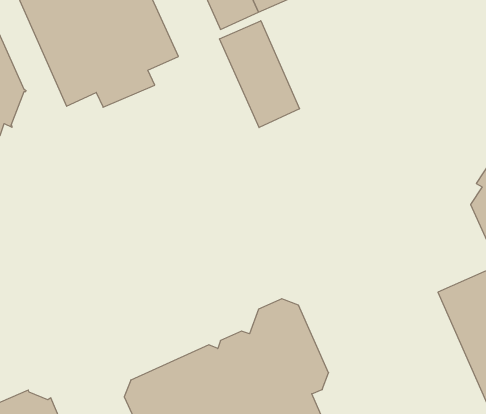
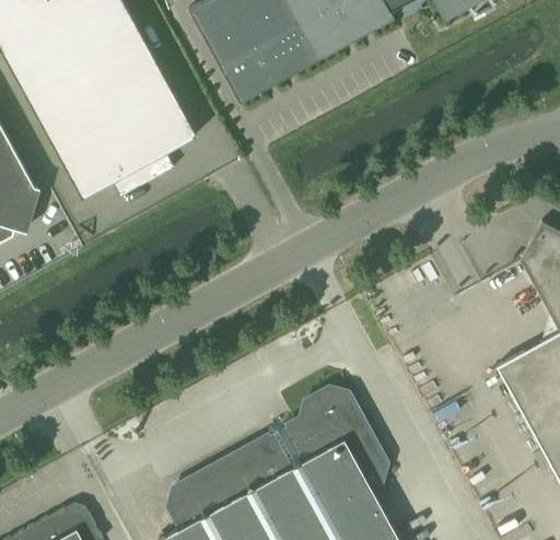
building: [220,21,299,128] -> none

